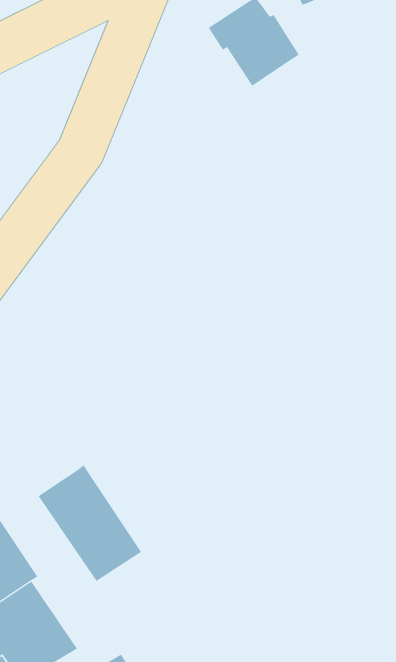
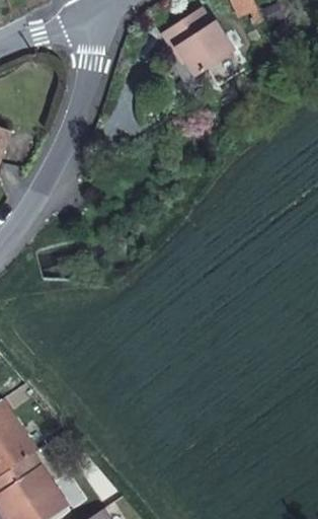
building: [38,465,142,582] -> none

